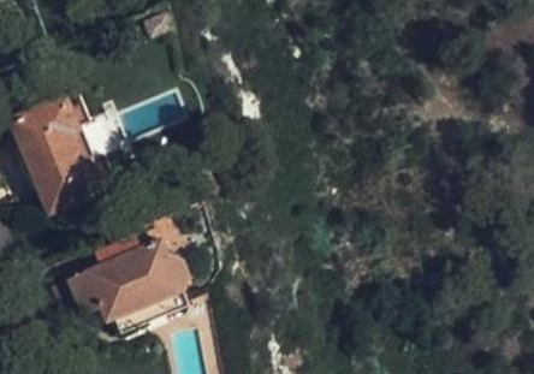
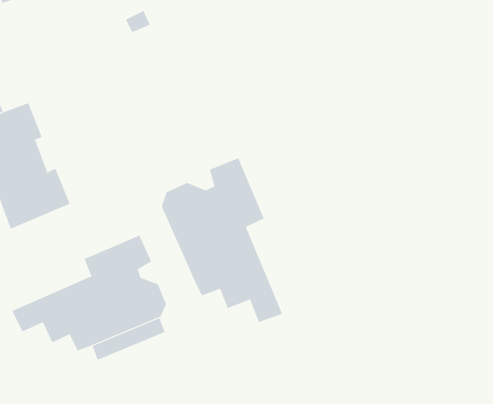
building: none -> [161,157,283,323]

